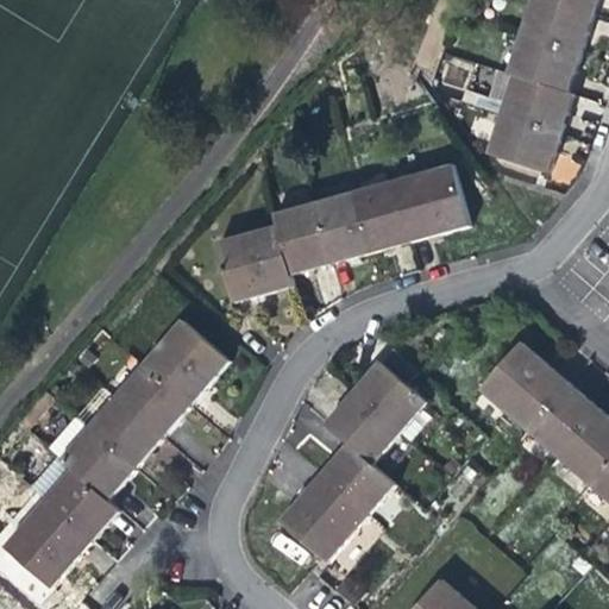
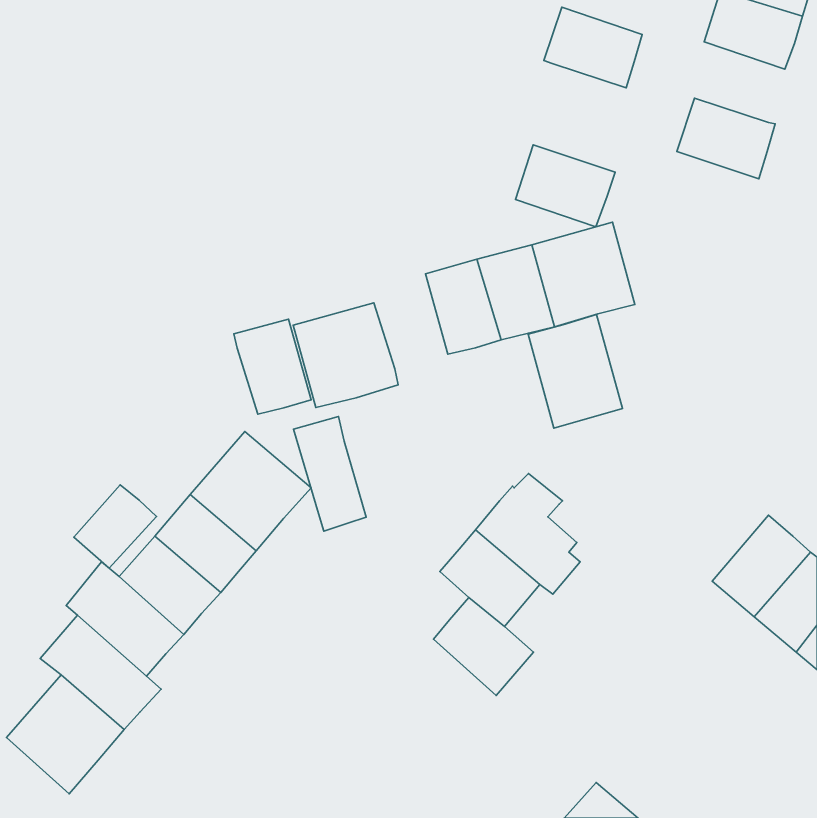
building: [507,31,579,90] -> [544,7,642,88]
building: [486,112,560,172] -> [515,145,615,227]
building: [274,202,331,272] -> [234,319,311,414]
building: none -> [528,314,622,428]
building: none -> [294,417,366,531]
building: [478,340,567,429] -> none
building: none -> [74,485,157,568]
building: [280,472,366,560] -> none

